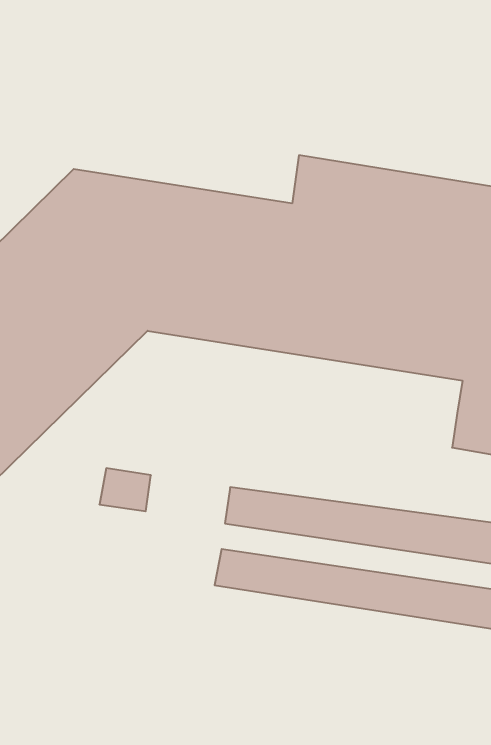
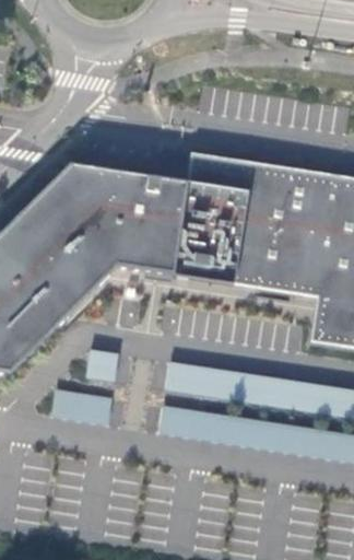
building: none -> [52,388,111,420]

